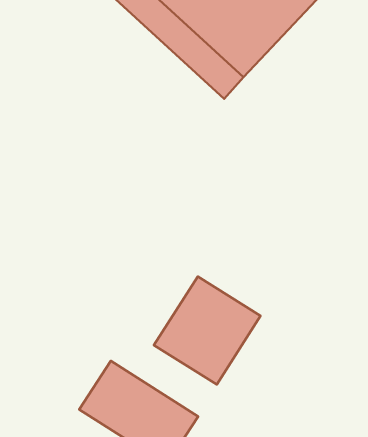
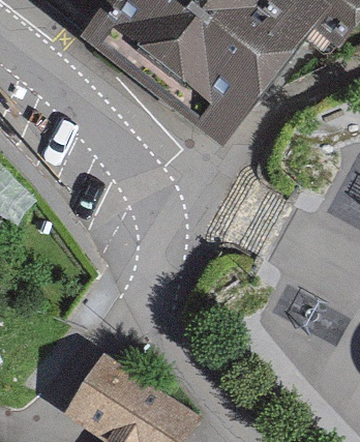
building: [154,276,260,385] -> none

